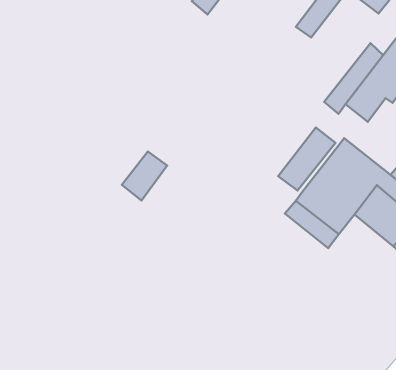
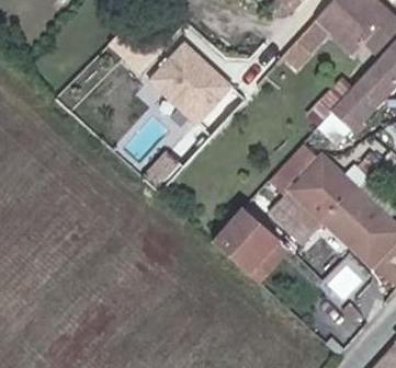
building: none -> [149,43,231,125]
building: none -> [216,218,282,283]

